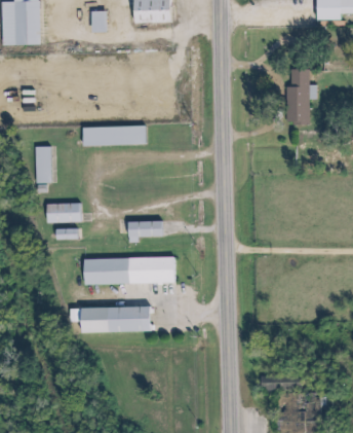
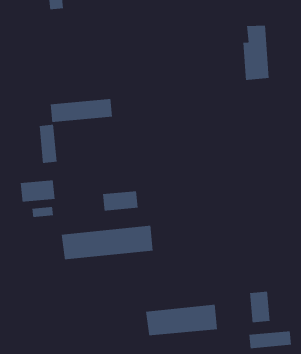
building: [38,145,53,183] -> [39,124,57,163]
building: [80,306,151,332] -> [145,304,218,336]
building: none -> [249,291,270,323]

